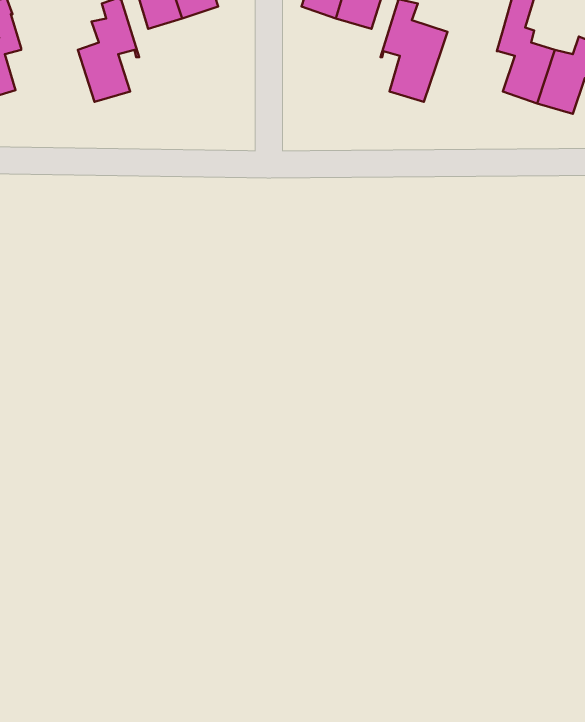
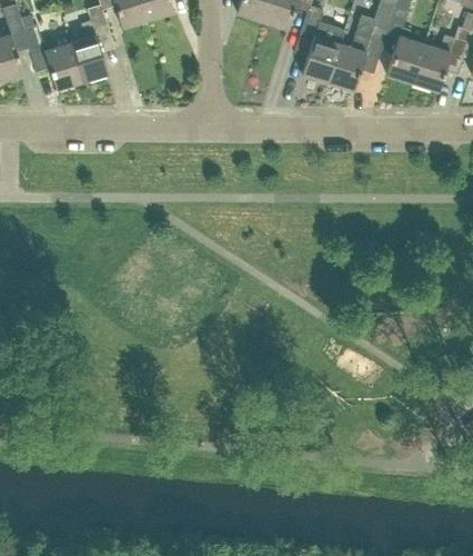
building: none -> [20,12,82,89]
building: none -> [328,24,386,90]

